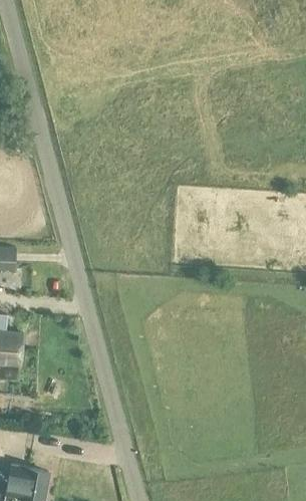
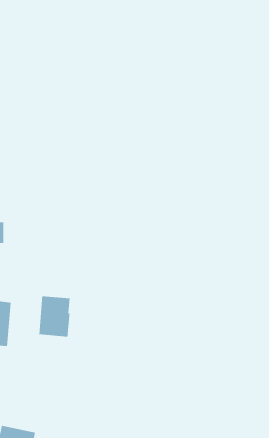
building: none -> [39,296,70,338]

